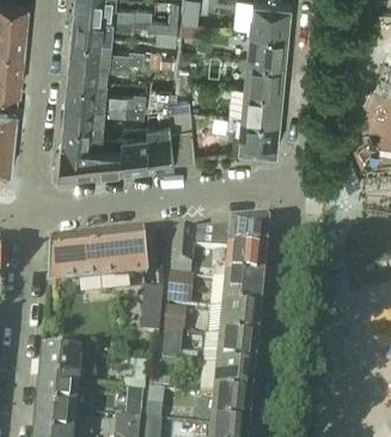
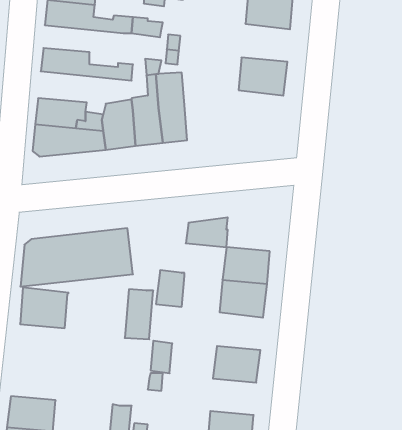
building: [242,56,285,90] -> none
building: [67,57,138,81] -> none
building: [62,98,145,125] -> none
building: [236,115,279,150] -> none
building: [228,222,269,257] -> none
building: [171,230,202,267] -> none
building: [220,310,261,344] -> none
building: [38,352,81,388] -> [20,288,69,328]
building: [214,369,255,401] -> none

